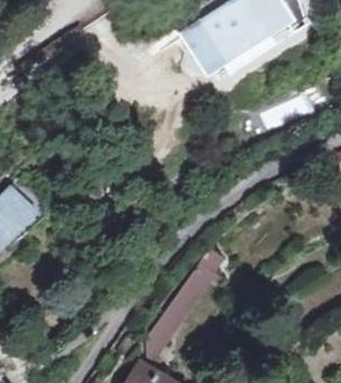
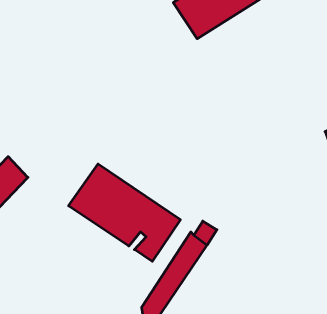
building: none -> [69,164,180,261]

